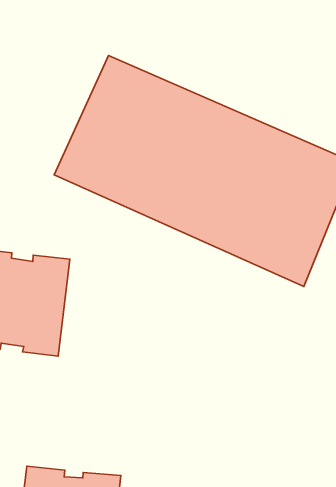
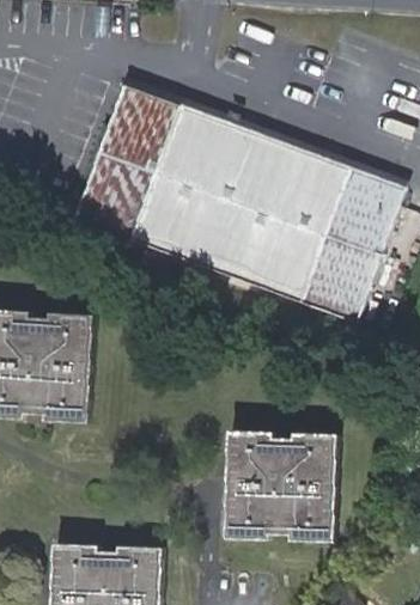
building: none -> [226,424,337,537]

